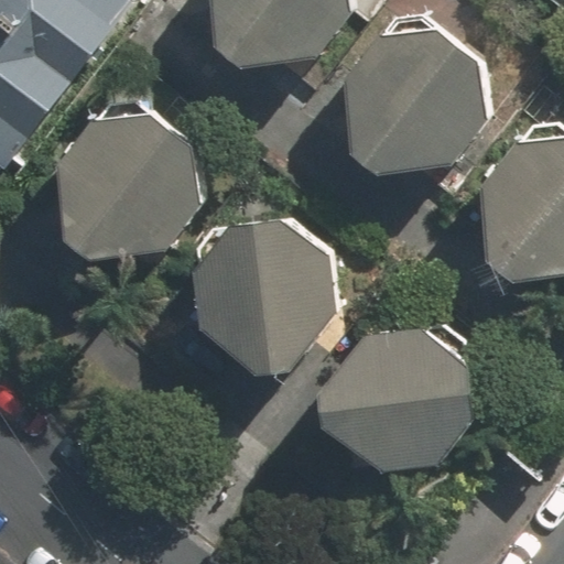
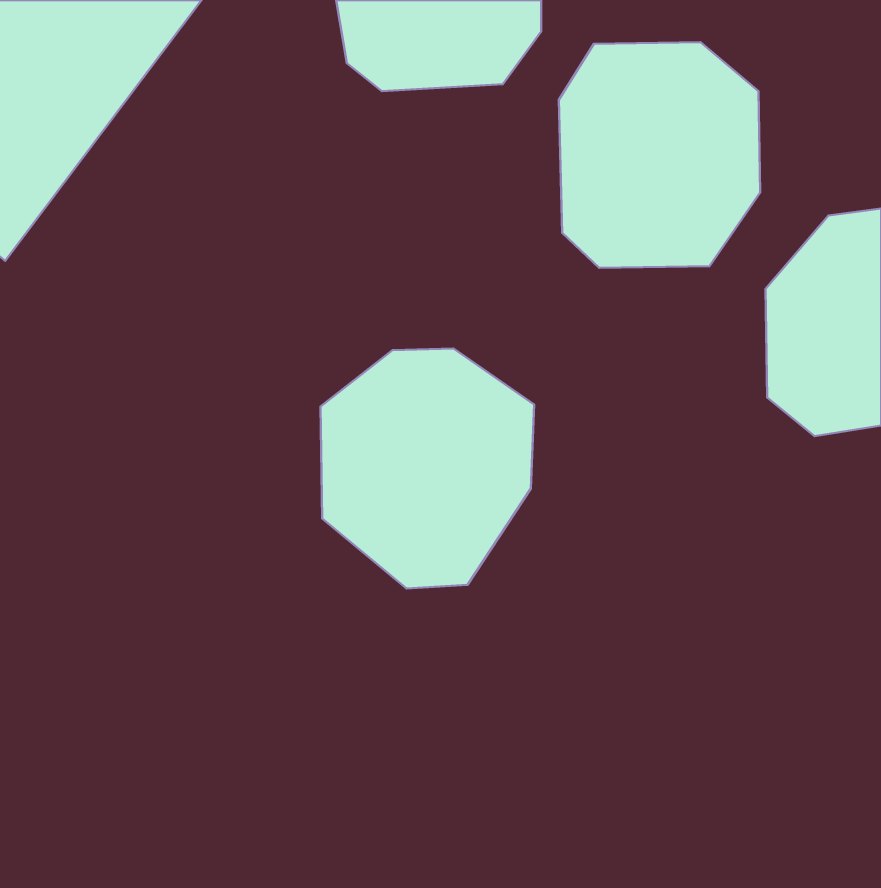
building: [54,113,199,253] -> none
building: [321,328,473,474] -> none

